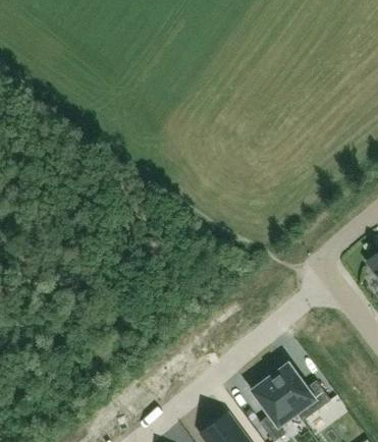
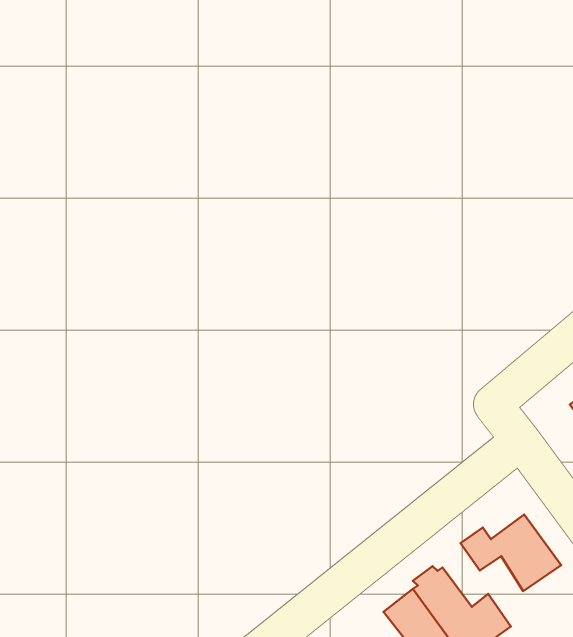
building: none -> [461,514,561,591]

